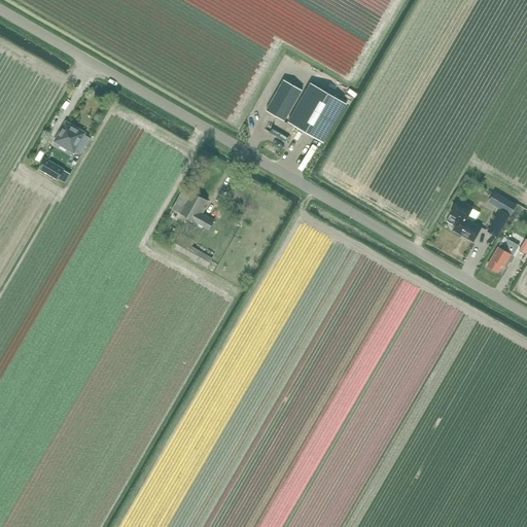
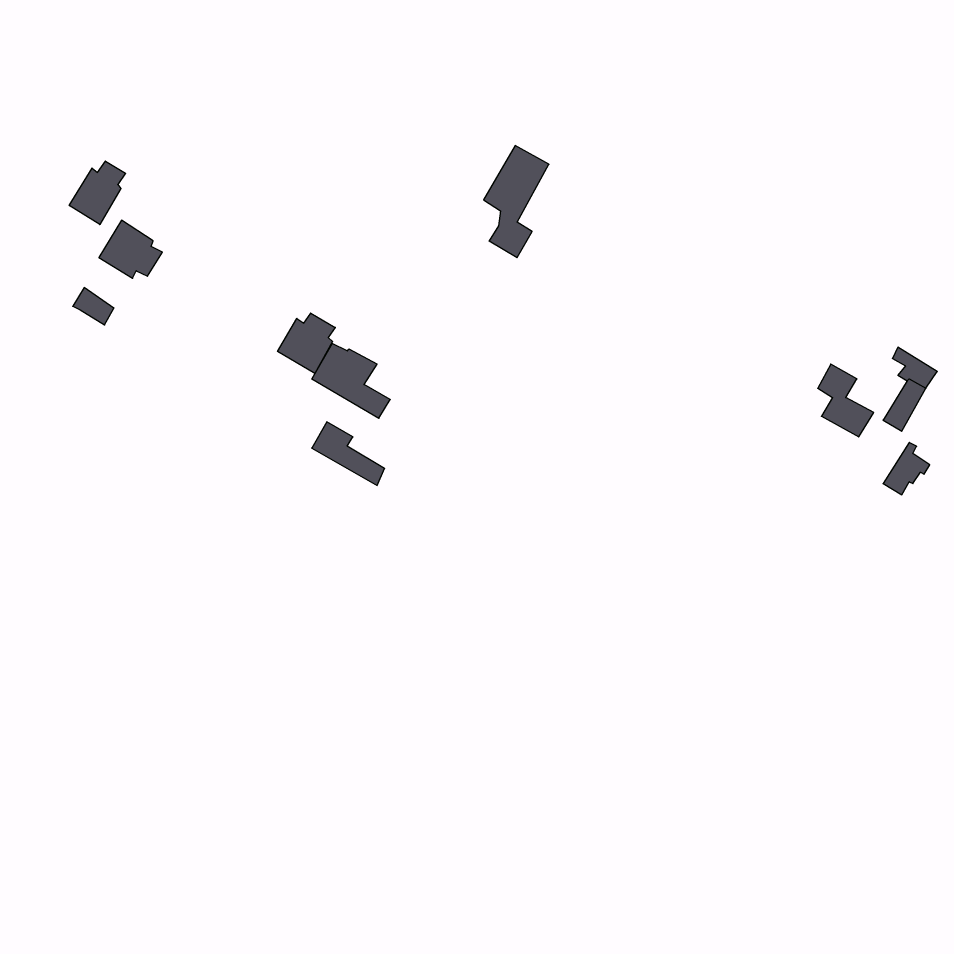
building: [287,83,347,143] -> none
building: none -> [69,161,126,225]
building: none -> [278,313,335,374]

